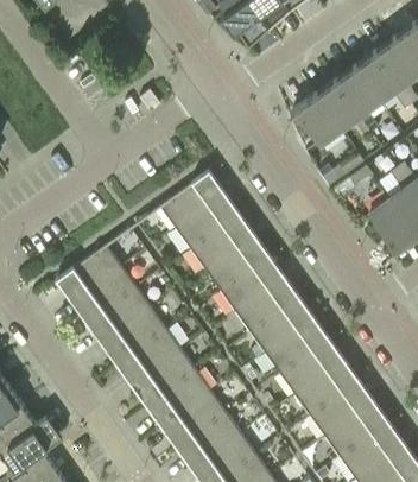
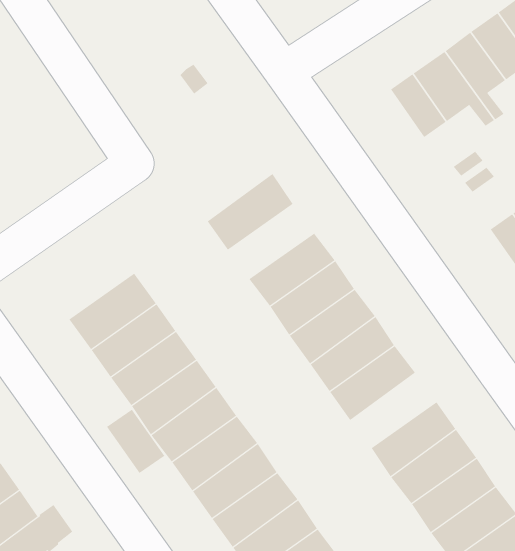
building: [175,195,239,250] -> none
building: [265,319,329,375] -> none
building: none -> [106,409,165,474]

